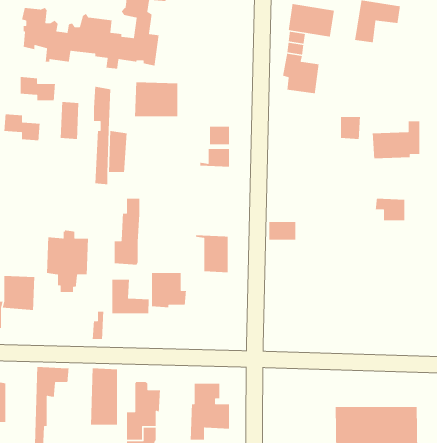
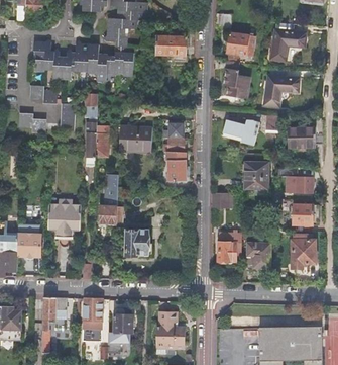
building: none -> [154,35,187,62]
building: none -> [263,74,298,105]
building: [134,81,178,117] -> [119,126,151,153]
building: none -> [222,118,258,145]
building: none -> [244,162,267,188]
building: [195,234,228,273] -> [161,152,186,180]
building: none -> [292,203,319,225]
building: none -> [218,233,241,261]
building: none -> [291,233,314,267]
building: [112,279,149,314] -> none
building: none -> [246,243,269,267]

